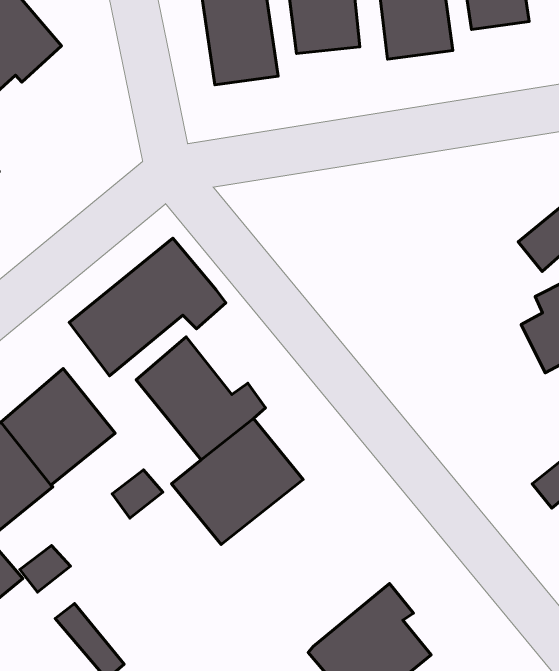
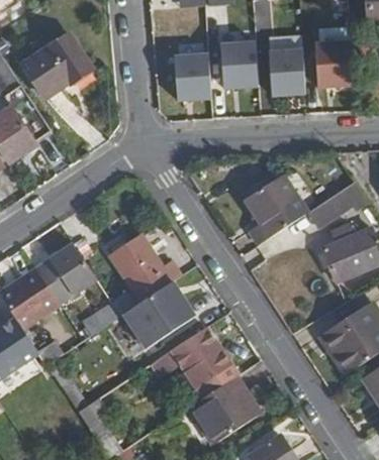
building: none -> [247,170,310,242]
building: [69,238,226,376] -> none
building: none -> [154,328,238,405]

